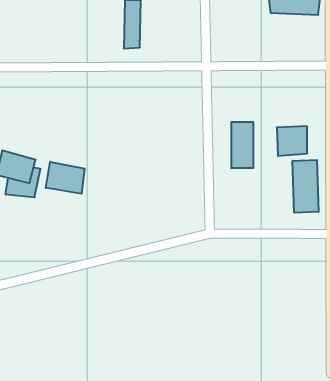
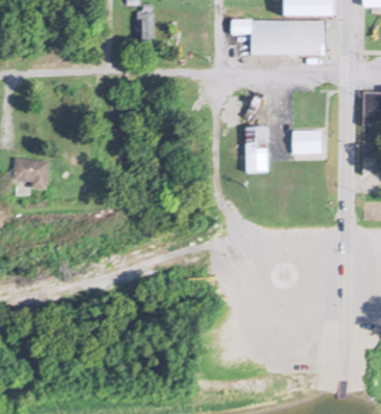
building: none -> [233,17,328,54]
building: [293,160,319,213] -> none
building: [46,162,85,194] -> none

